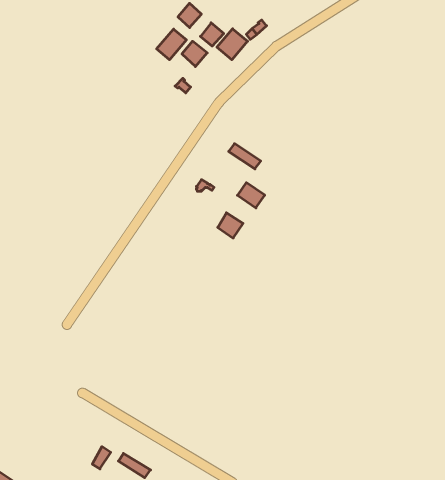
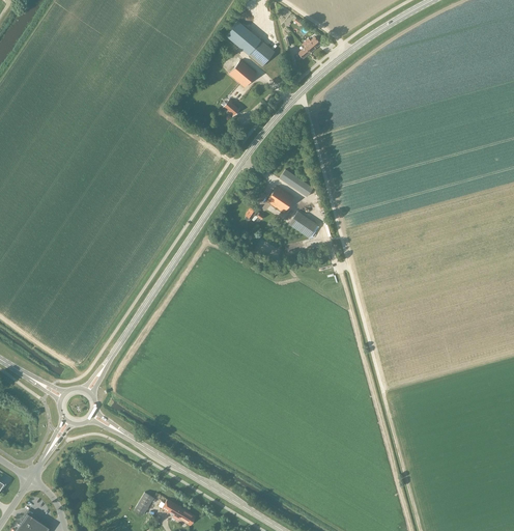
building: [217,29,248,60] -> none
building: [157,29,186,60] -> none
building: [218,213,243,238] -> [266,186,293,213]

